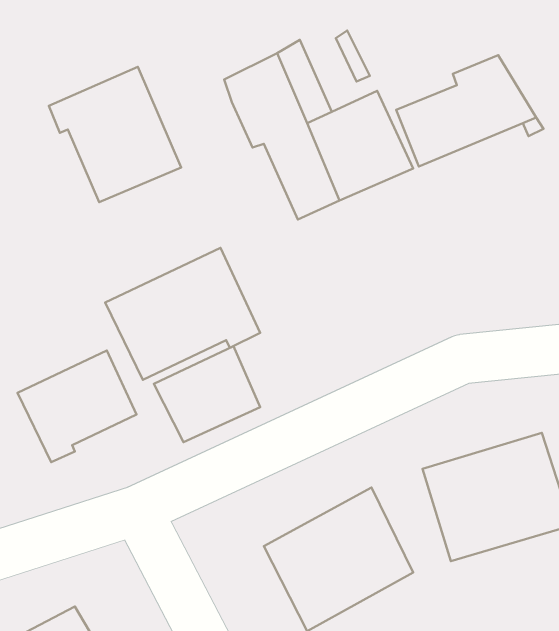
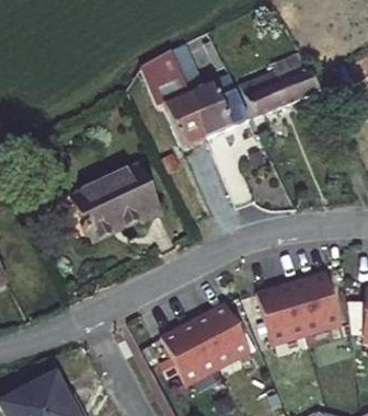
building: [49,67,181,202] -> none
building: [154,346,260,442] -> none
building: [17,351,136,462] -> none

